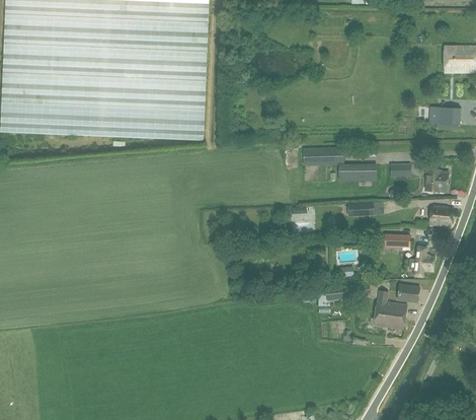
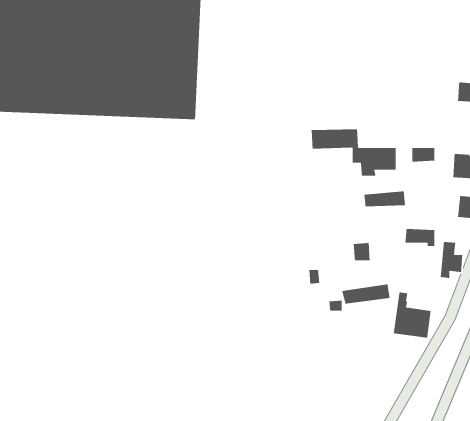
building: [396,283,419,303] -> none

